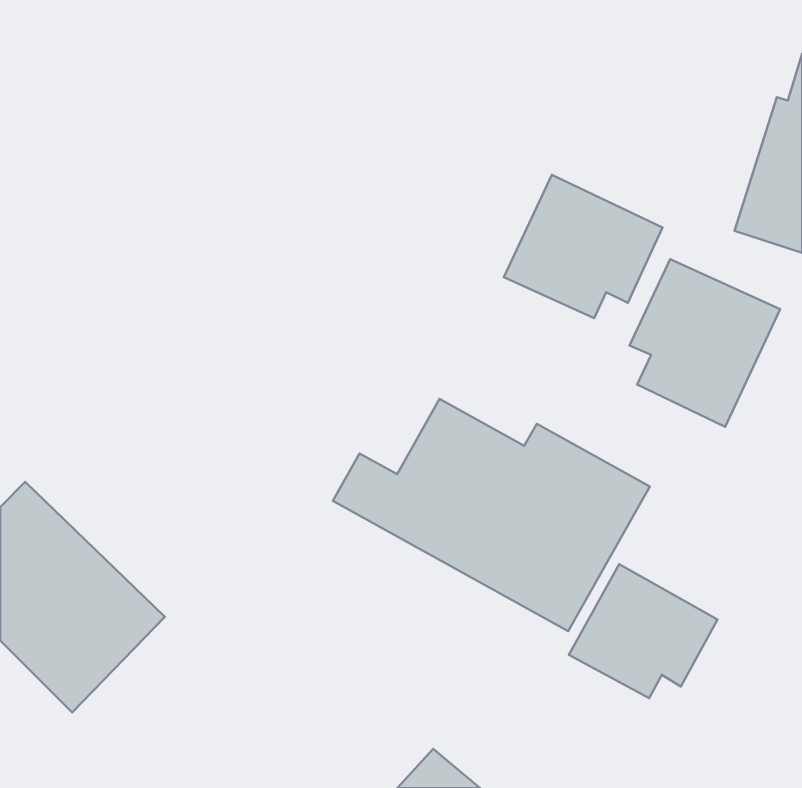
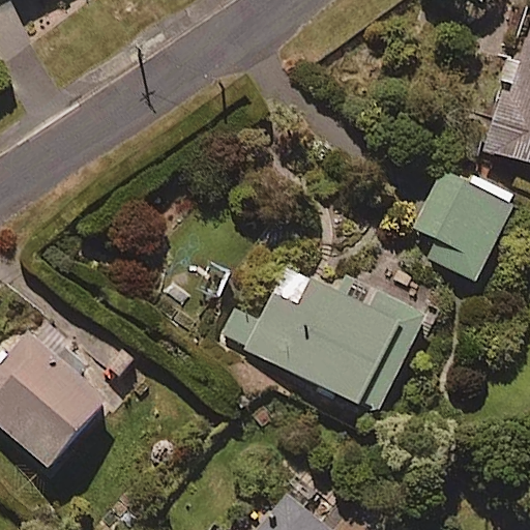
building: [504,175,662,318] -> none
building: [569,564,718,698] -> none

